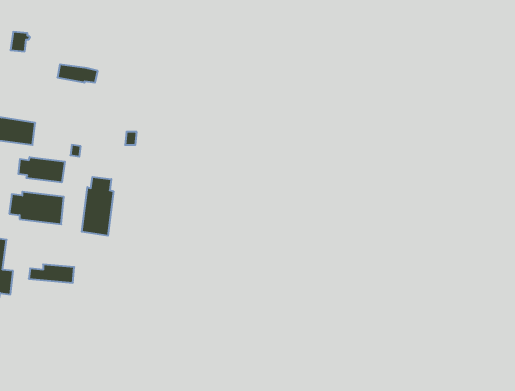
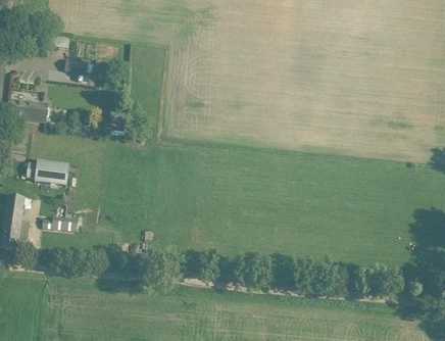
building: [18,157,65,182] -> none
building: [82,177,113,236] -> none

